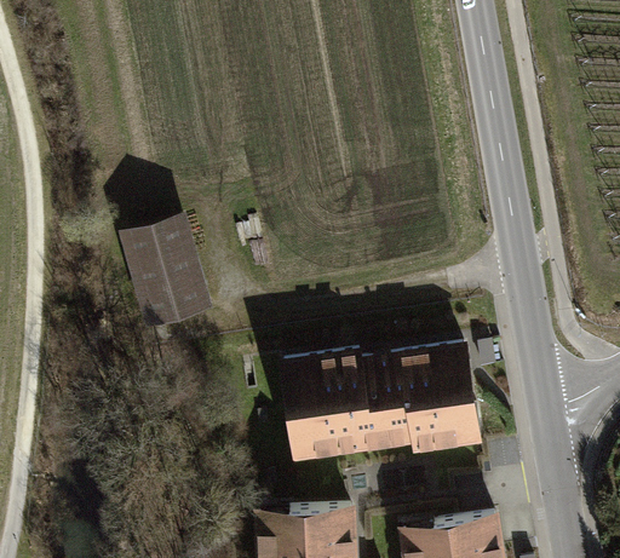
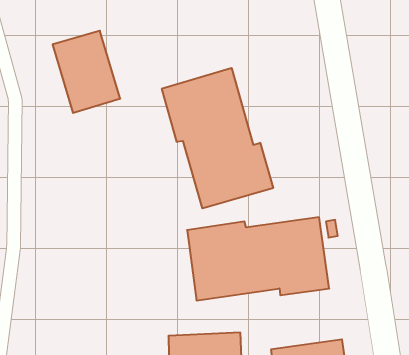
building: none -> [162,68,273,208]
building: [116,213,213,330] -> [53,31,120,113]

